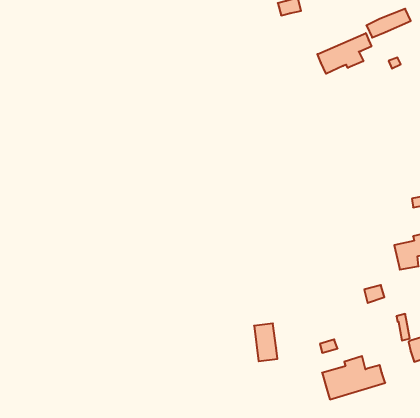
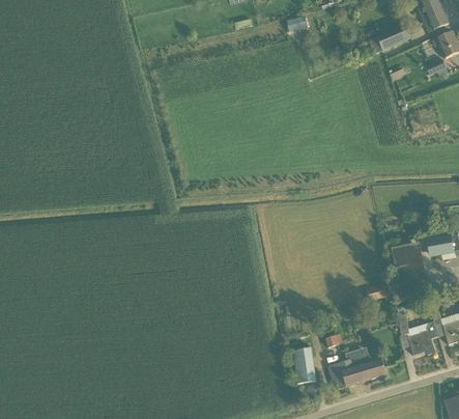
building: [317,33,371,74] -> none
building: [254,323,277,361] -> [293,346,315,382]

